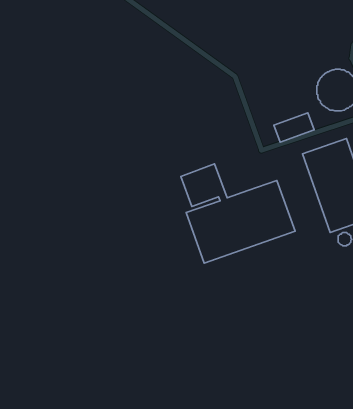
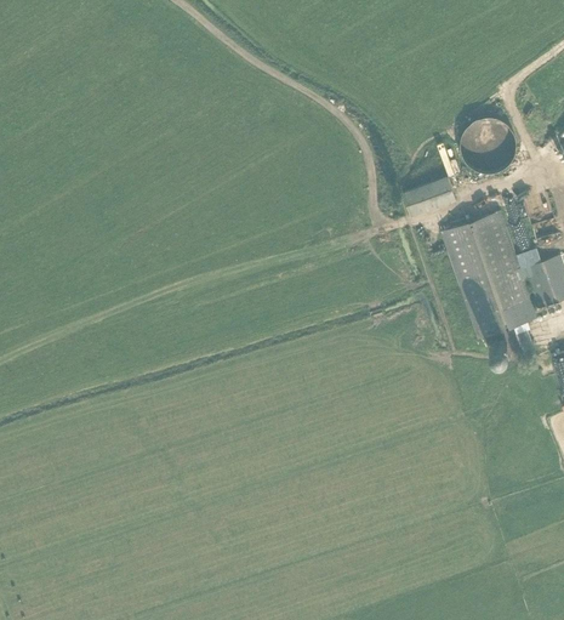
building: [181,164,295,263] -> none

